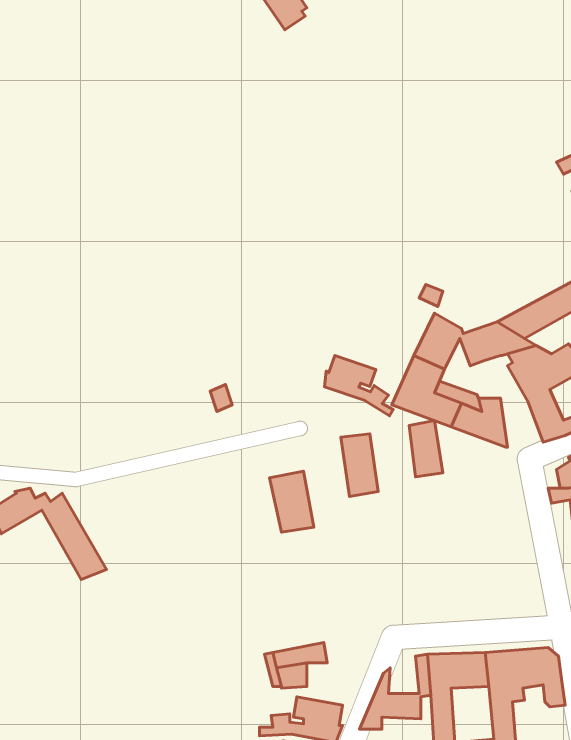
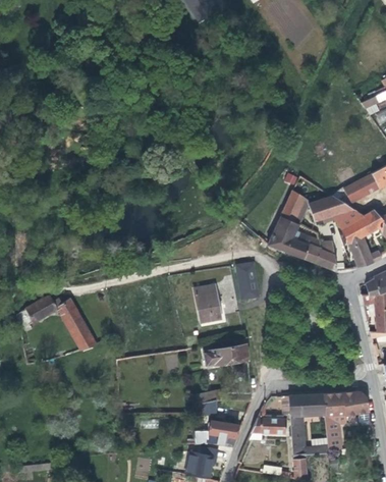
building: [324,356,393,416] -> none
building: [409,421,443,477] -> none
building: none -> [204,344,249,365]

